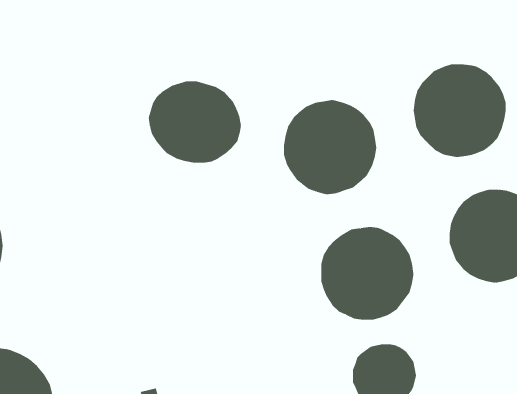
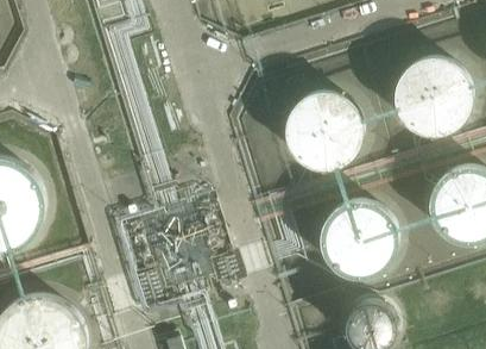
building: [148,81,241,163] -> none

